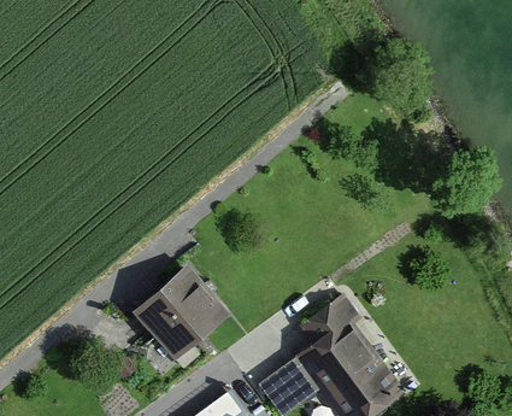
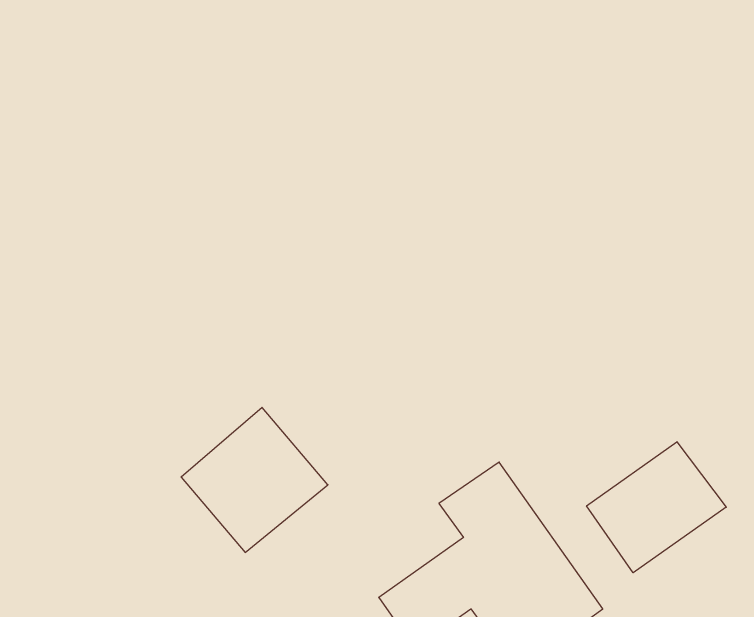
building: none -> [587,442,726,573]

